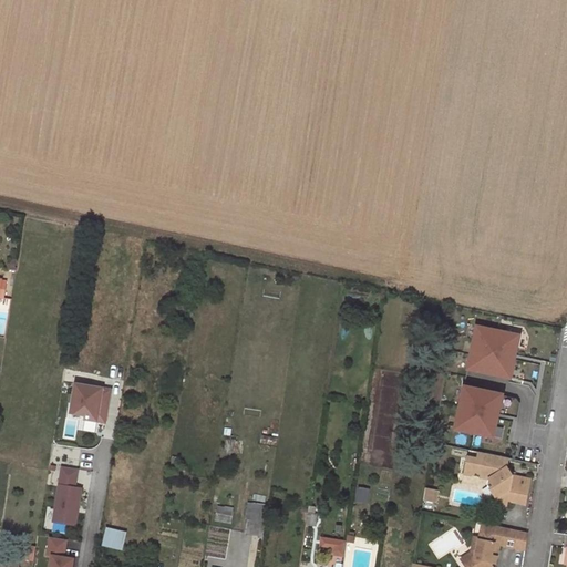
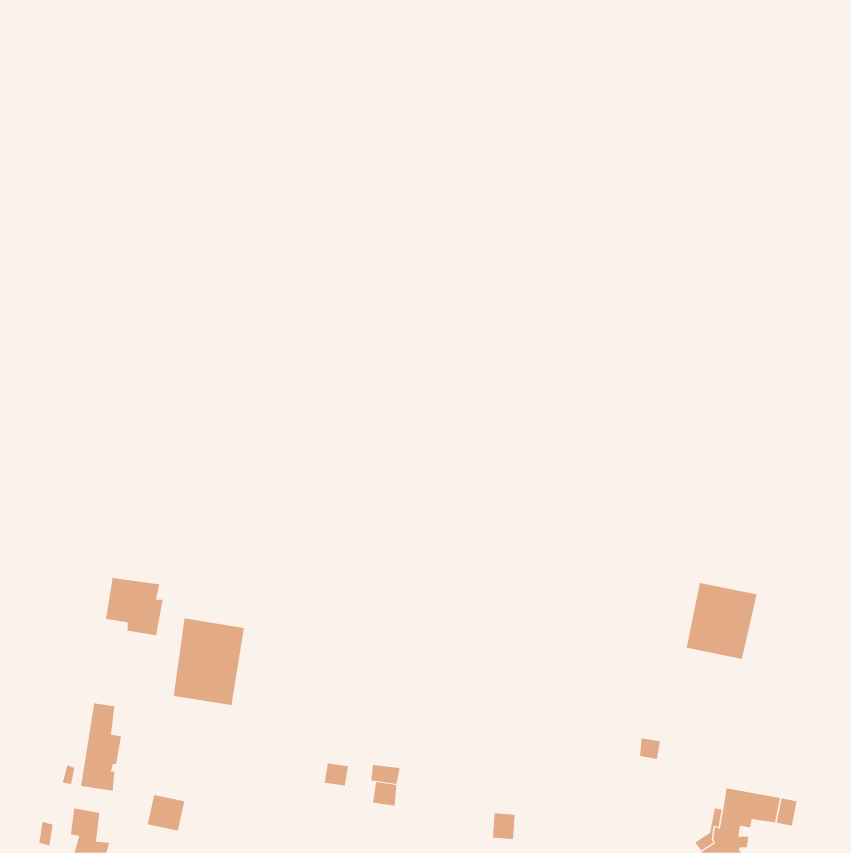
building: [467,326,519,379] -> none
building: none -> [173,617,245,706]
building: [463,452,529,507] -> none

